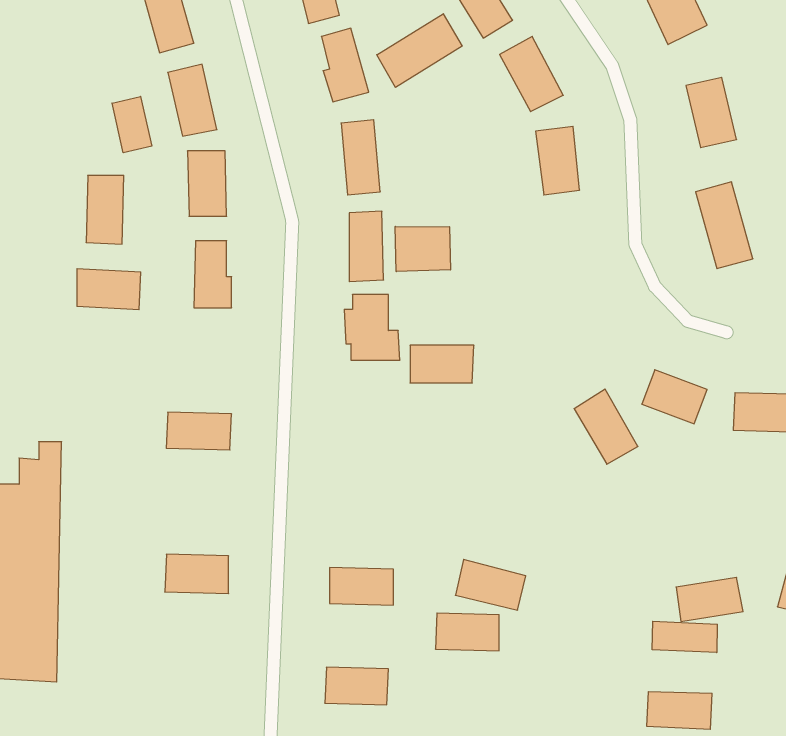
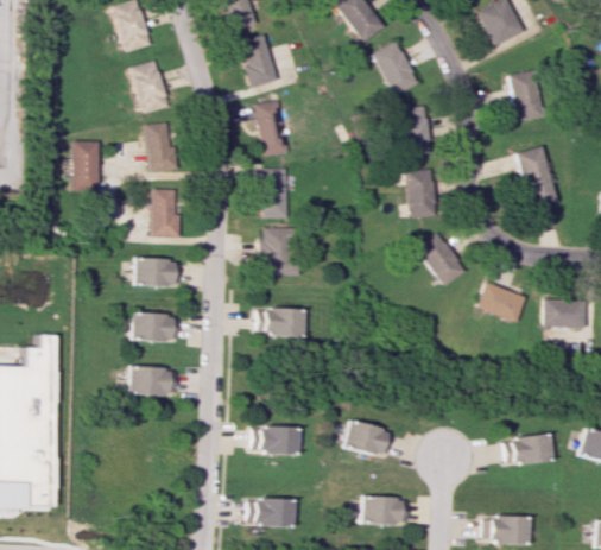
building: [377,14,462,87] -> none
building: [112,96,152,153] -> none
building: none -> [409,169,435,216]
building: [395,226,450,272] -> none
building: [77,269,141,310] -> [134,257,181,286]
building: [410,345,474,383] -> [255,308,302,335]
building: [574,389,638,464] -> [418,230,464,285]
building: [165,554,229,594] -> [128,366,175,394]
building: [435,613,499,651] -> [359,497,405,524]
building: [652,621,717,653] -> none

